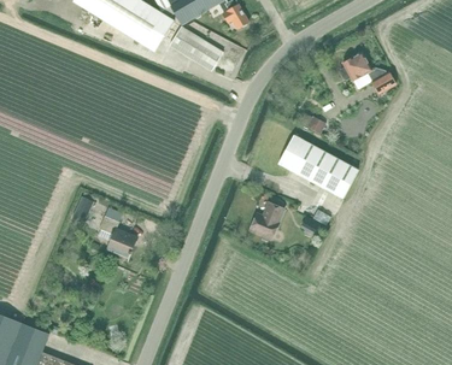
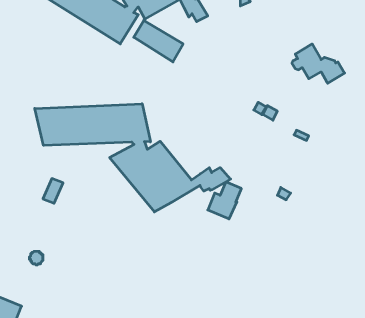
building: none -> [35,104,231,212]
building: [277,134,357,196] -> none
building: [99,214,137,257] -> none

